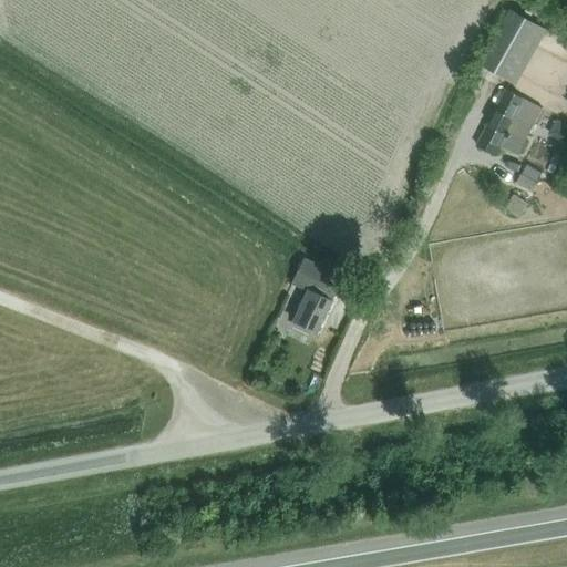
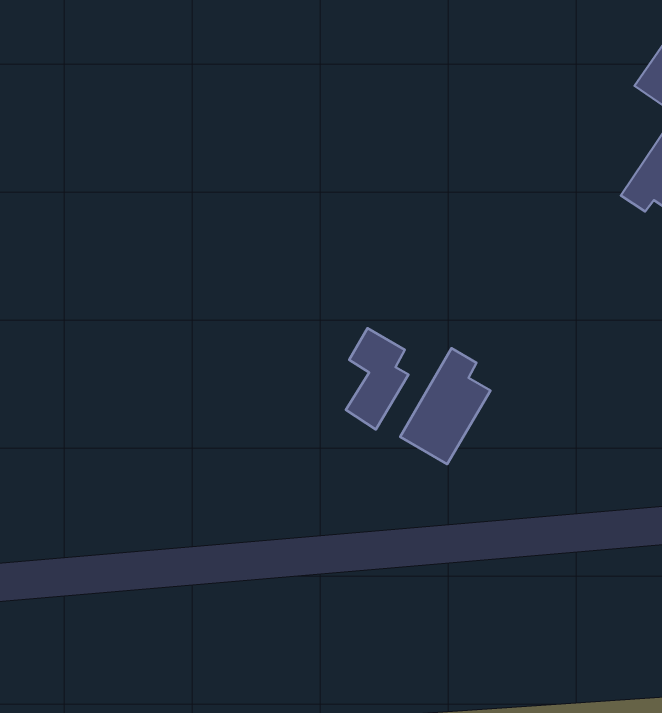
building: none -> [400,348,491,464]

